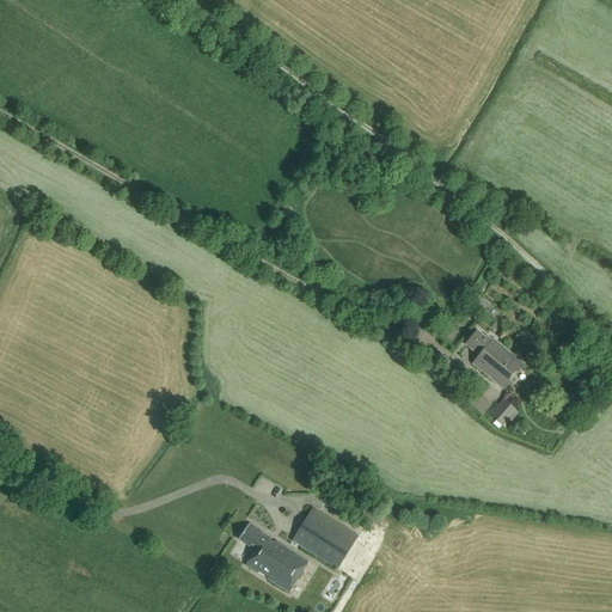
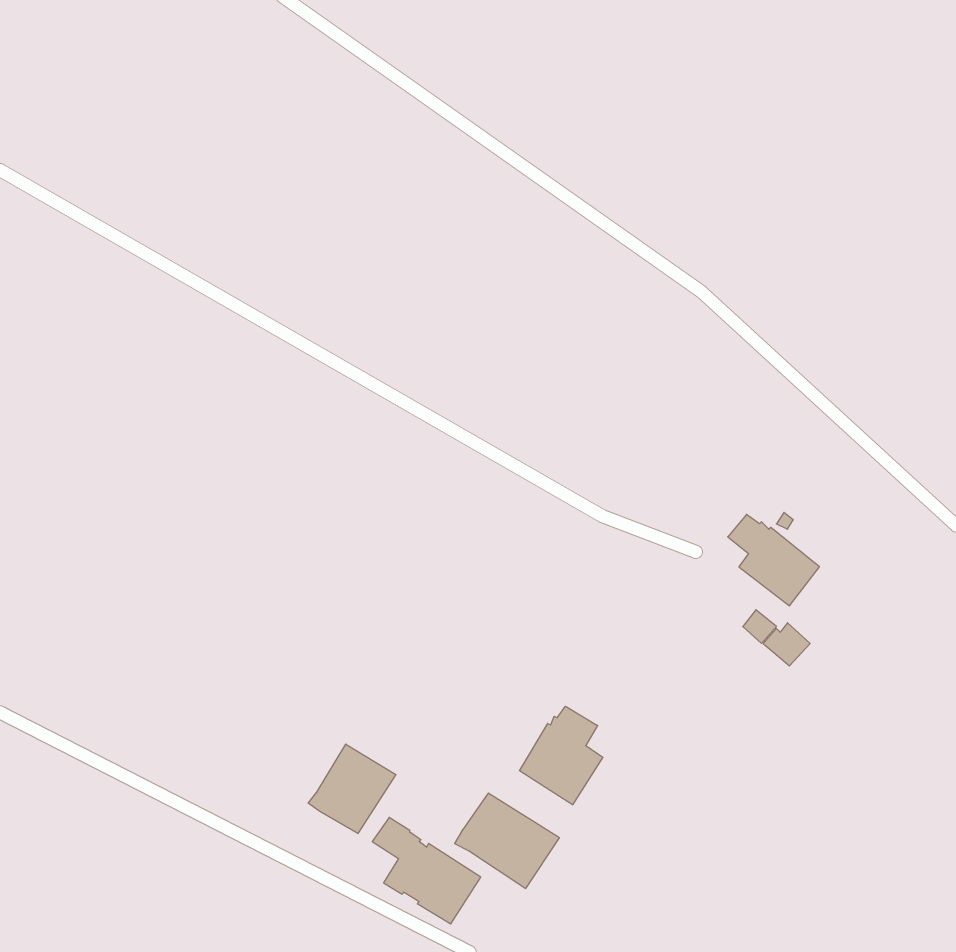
building: none -> [520,706,603,805]
building: none -> [308,744,396,834]

